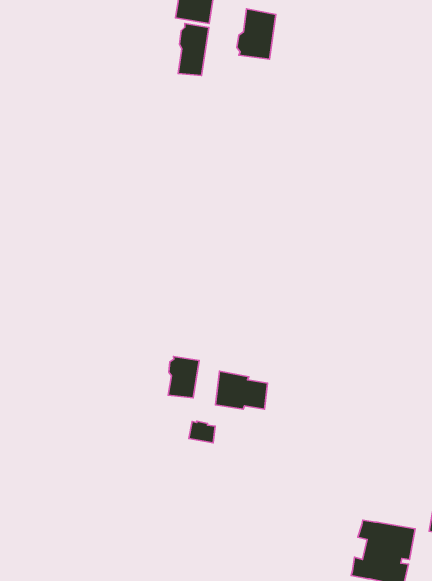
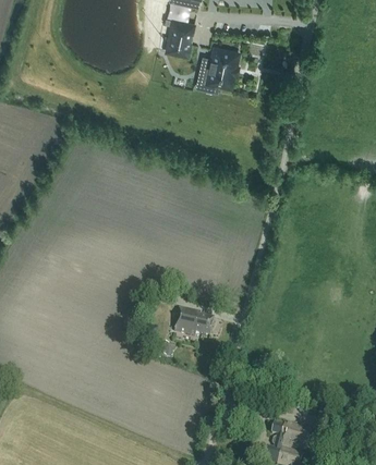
building: [178,23,209,75] -> none
building: [168,356,199,398] -> none

